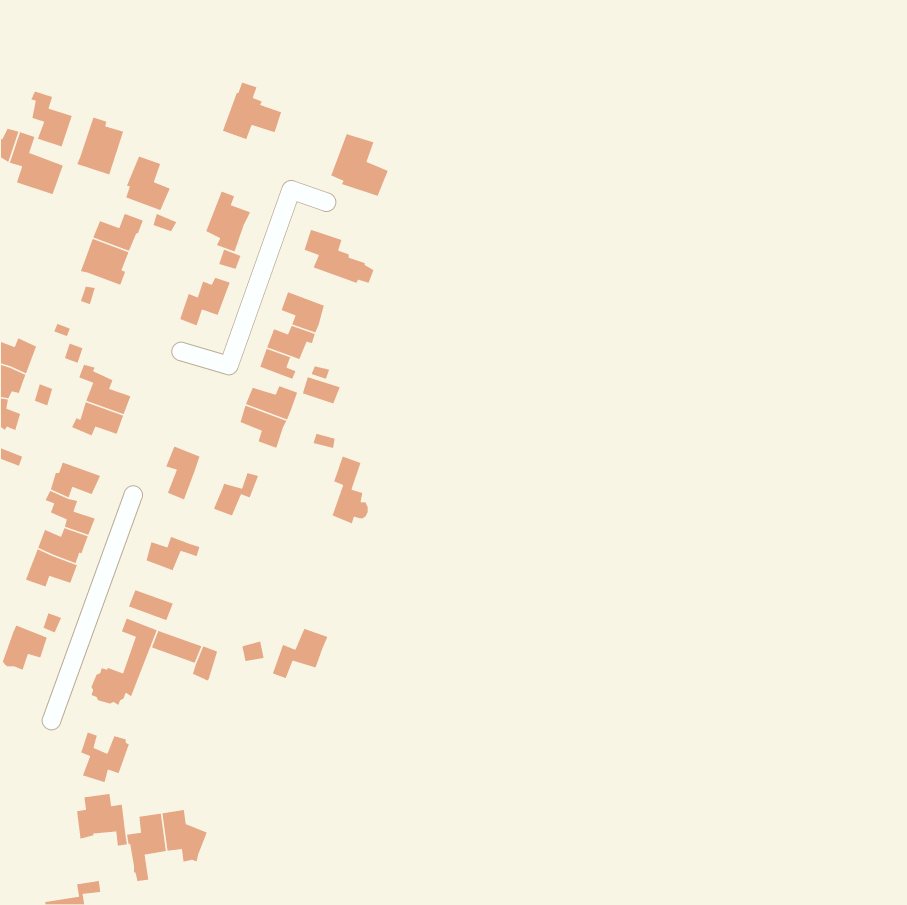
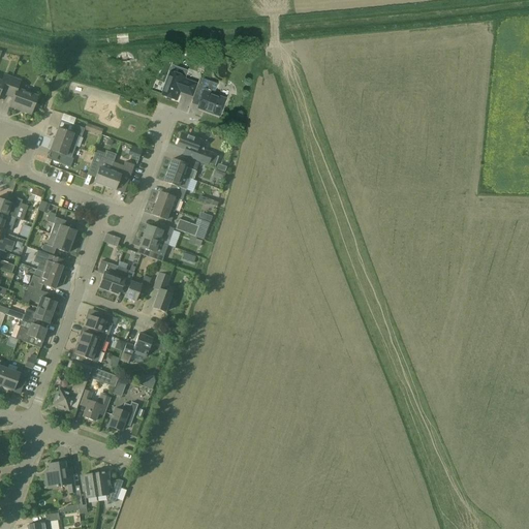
building: [222,82,282,140] -> [162,65,197,99]
building: [30,90,73,148] -> none
building: [76,117,124,176] -> none
building: [125,156,171,211] -> none
building: [205,191,251,253] -> [87,150,114,186]
building: none -> [167,158,198,179]
building: none -> [33,250,63,277]
building: [331,455,369,525] -> [152,272,174,312]
building: none -> [107,266,134,294]
building: none -> [79,330,107,351]
building: [272,628,329,679] -> [120,333,153,363]
building: none -> [107,402,137,430]
building: [80,732,130,783] -> [81,391,110,421]

